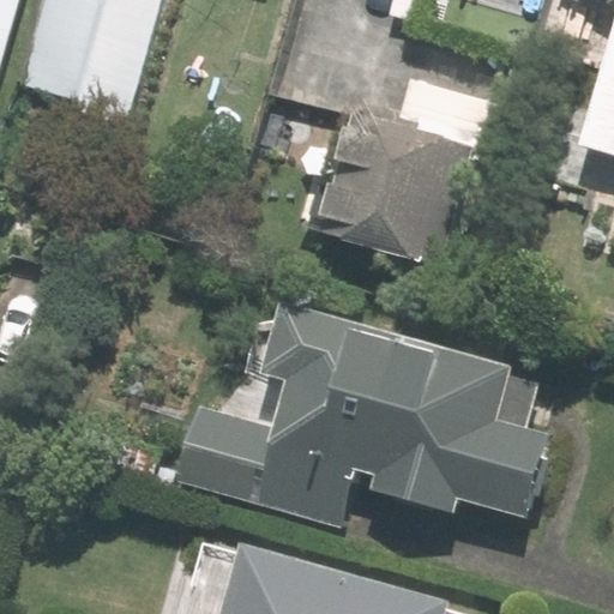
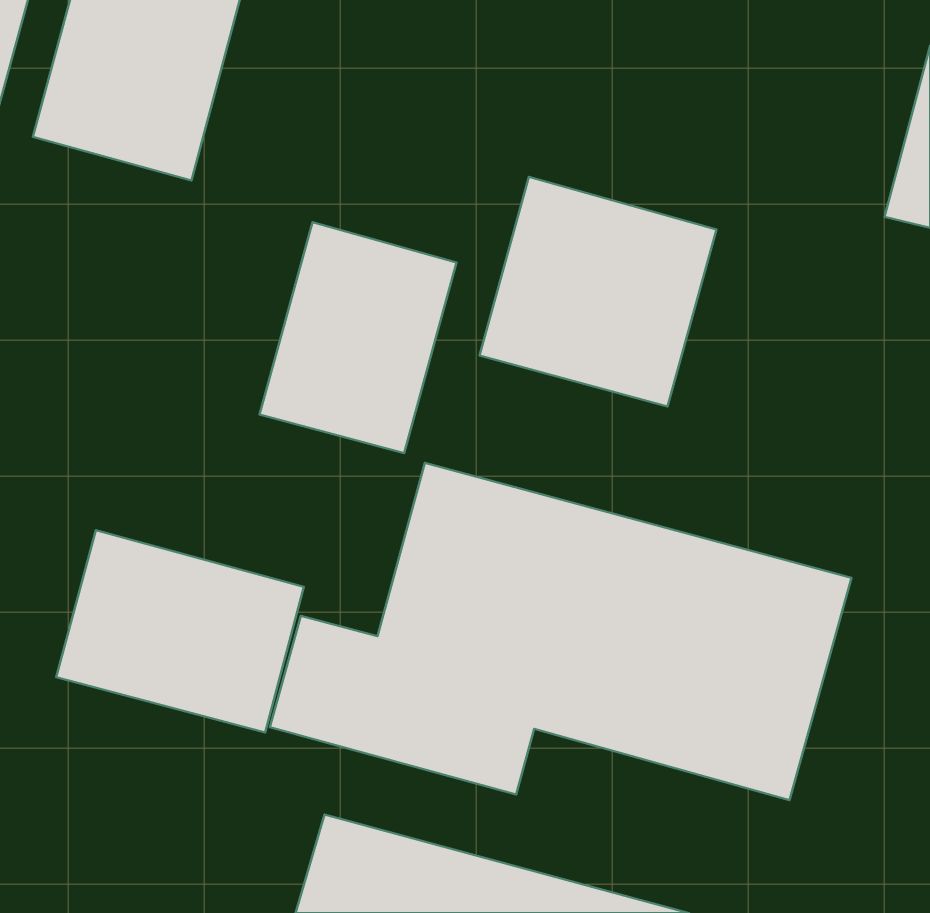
building: none -> [260,222,456,453]
building: none -> [56,530,304,733]

